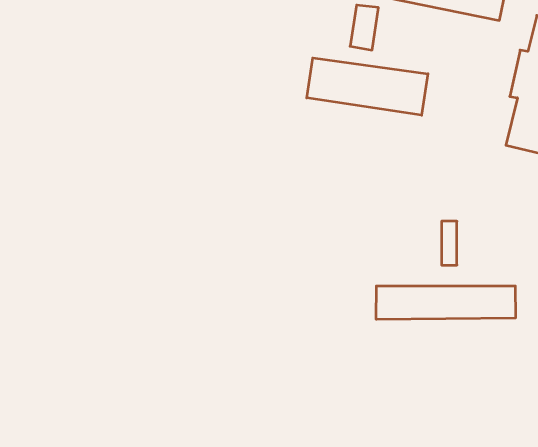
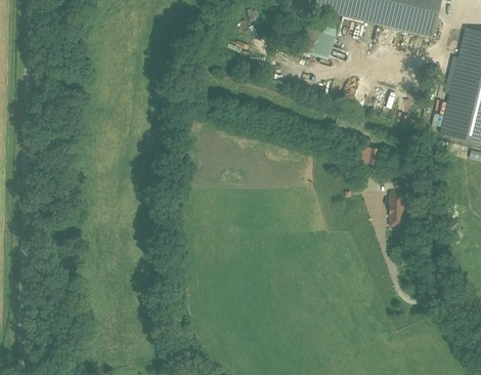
building: [307,58,428,115] -> none
building: [376,286,515,319] -> none

